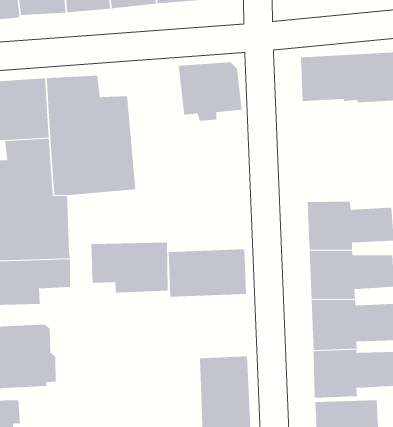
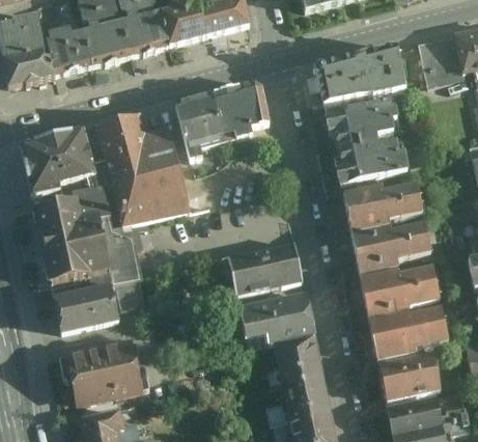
building: none -> [169,91,219,160]
building: none -> [324,98,409,184]
building: [91,242,169,293] -> [236,293,312,346]

